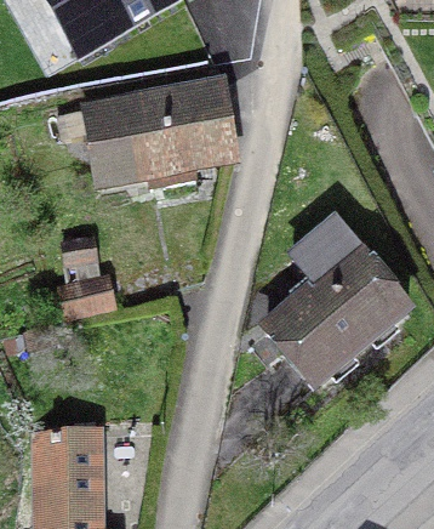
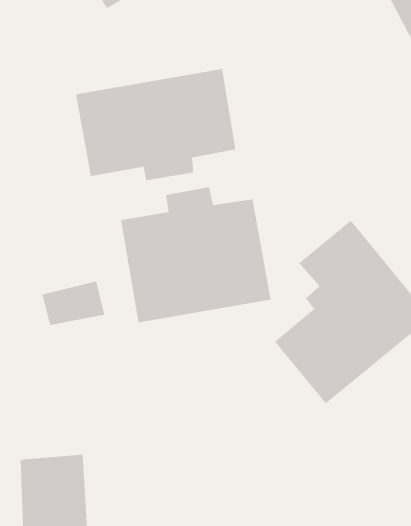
building: none -> [120,186,271,323]

